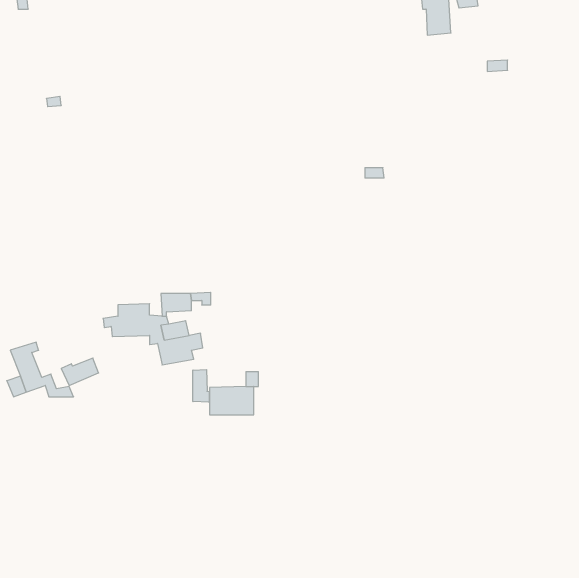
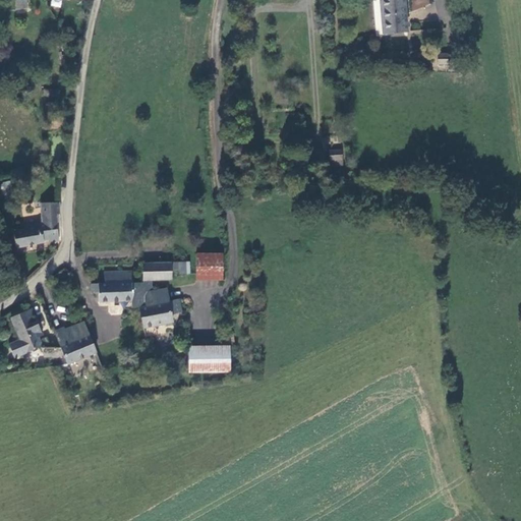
building: none -> [13,204,59,247]
building: none -> [194,256,223,281]
building: [193,370,209,402] -> none
building: none -> [62,335,96,363]

